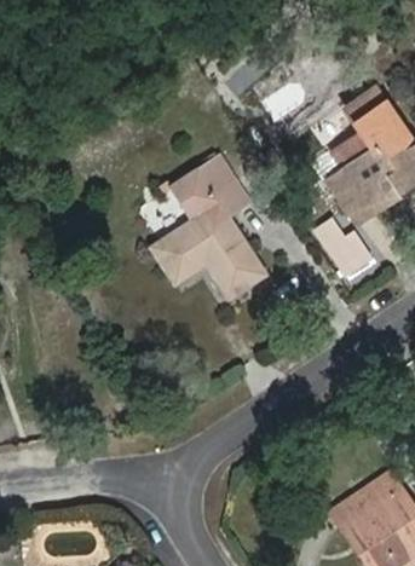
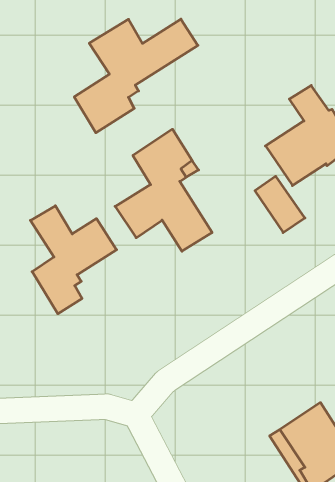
building: none -> [74,19,198,133]
building: none -> [30,206,117,314]

